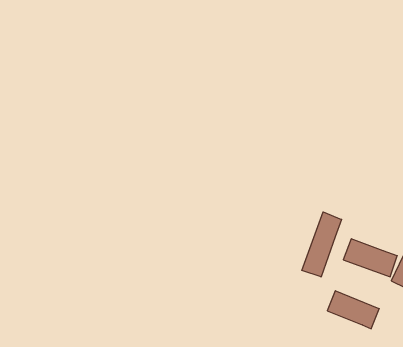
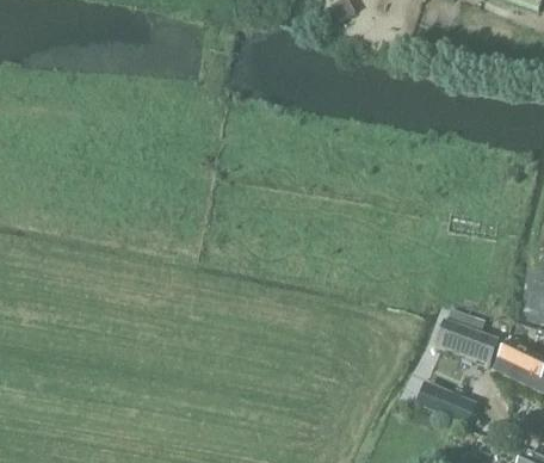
building: [302,212,342,277] -> none

